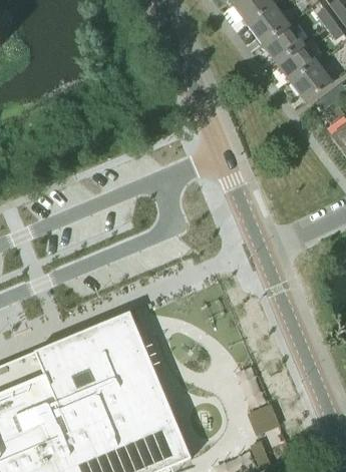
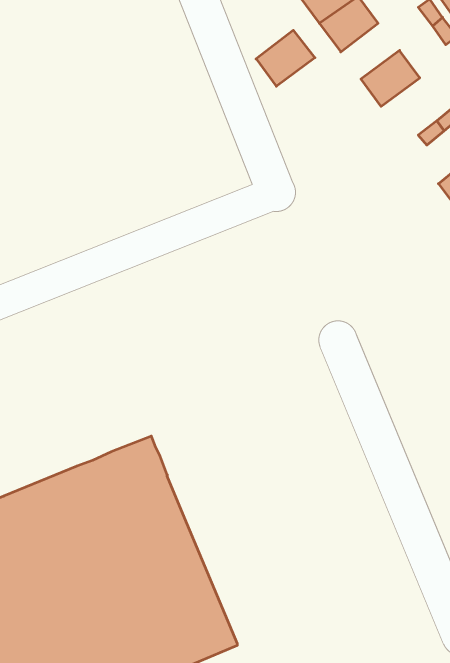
building: [262,23,303,62] -> [256,30,315,86]
building: [290,61,332,101] -> none

